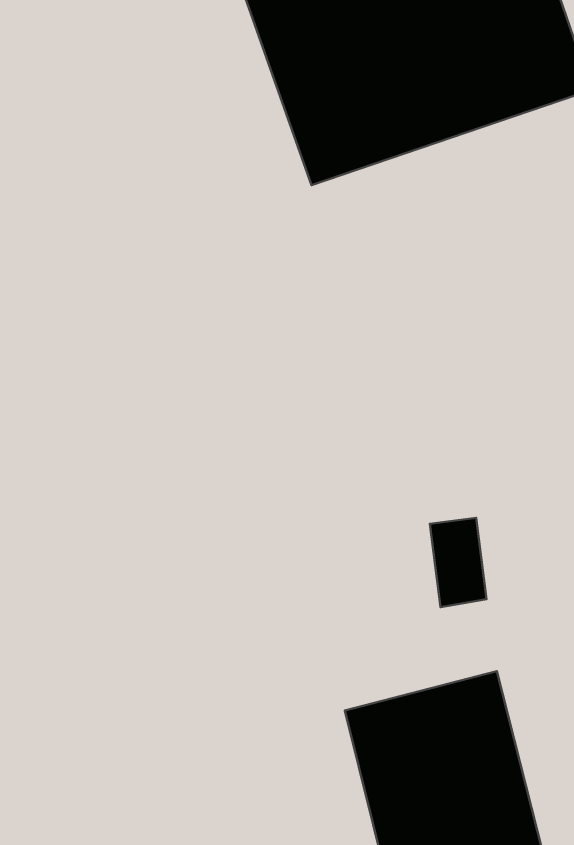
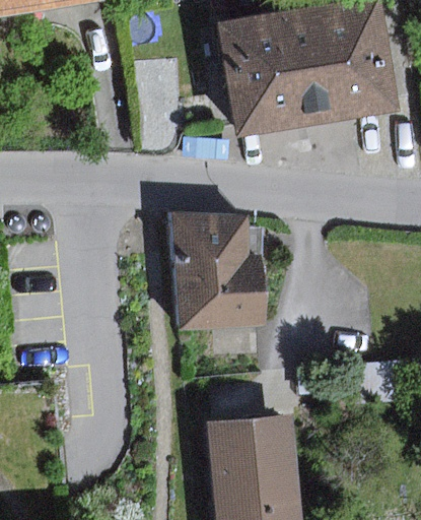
building: none -> [177,213,267,328]

